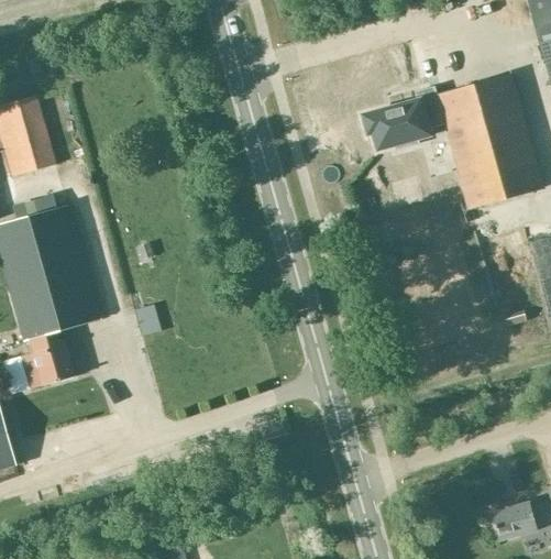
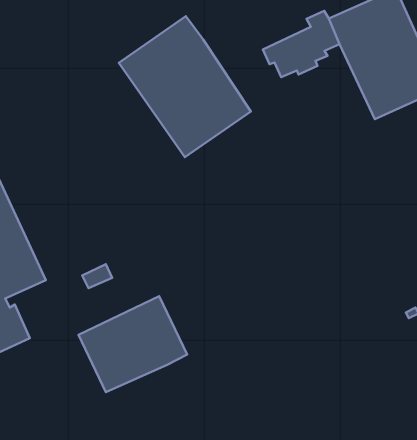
building: none -> [119,16,251,157]
building: none -> [79,296,187,392]

